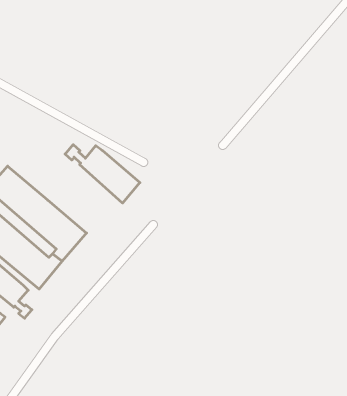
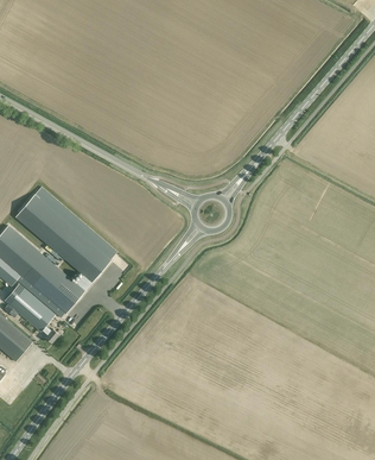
building: [65,145,140,203] -> none

